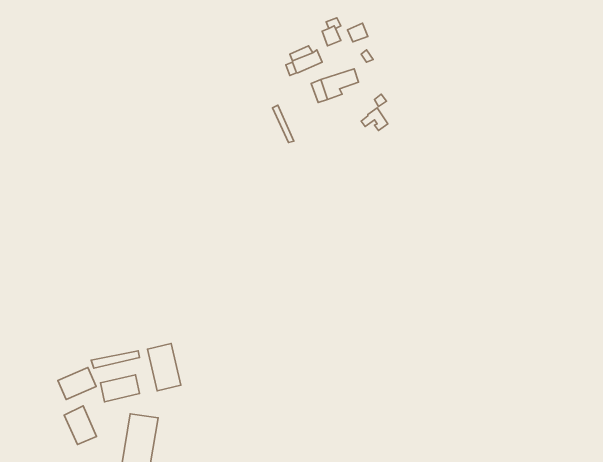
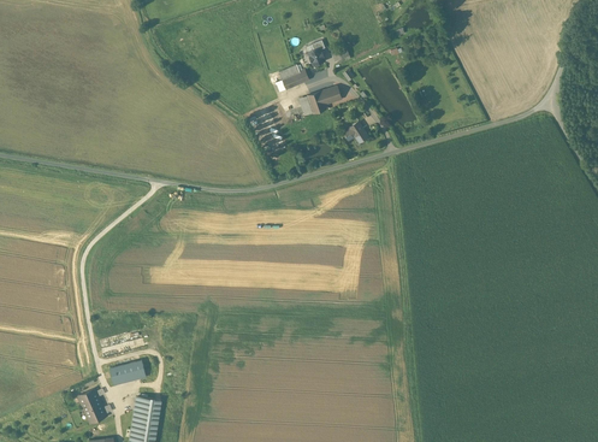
building: [147,343,181,391] -> none
building: [58,368,96,400] -> none

